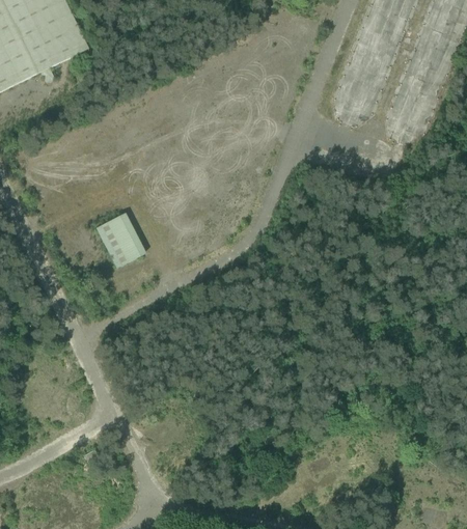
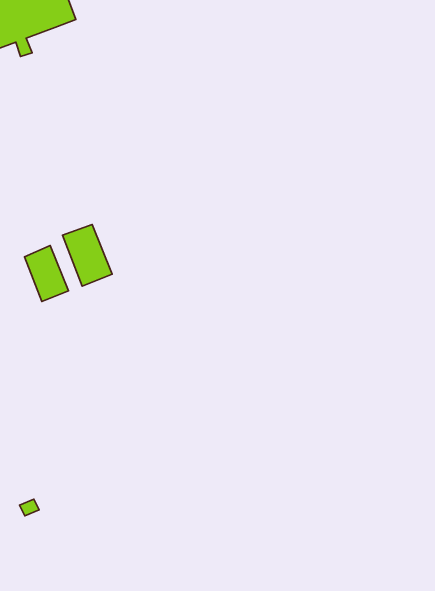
building: none -> [24,246,69,301]

